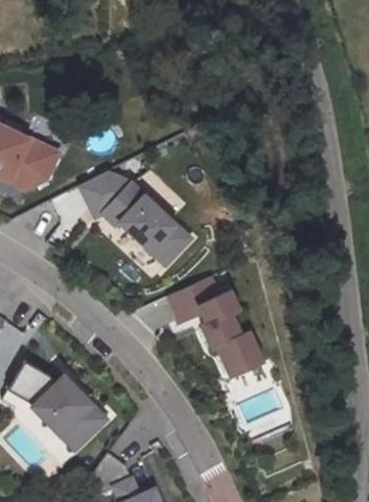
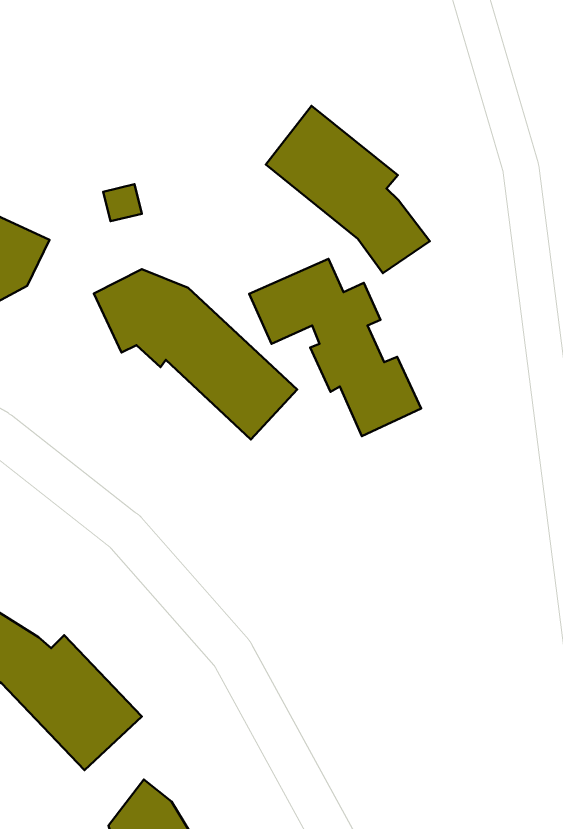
building: none -> [266,106,430,273]
building: [169,276,264,374] -> [249,259,421,436]

